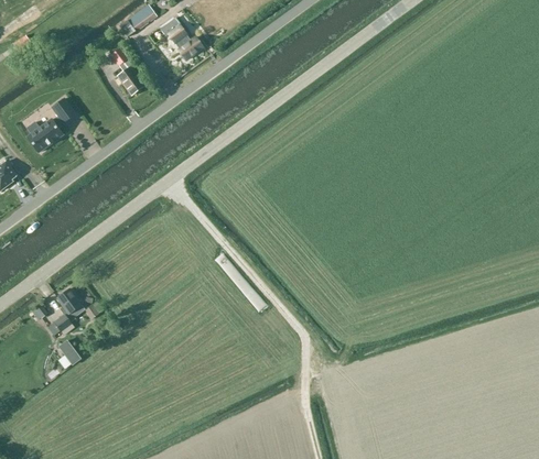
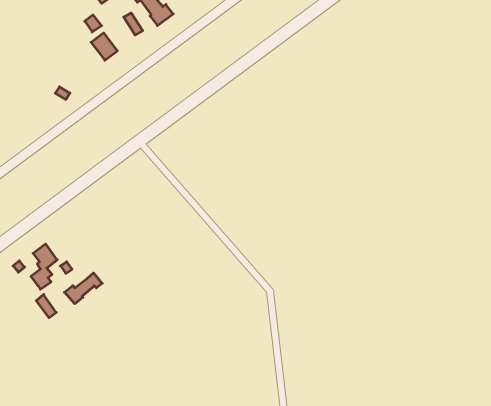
building: [26,98,75,152] -> none
building: none -> [64,273,102,304]

